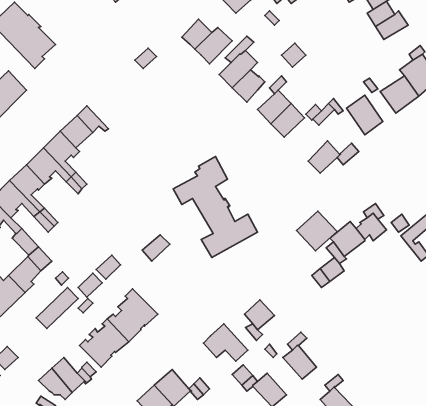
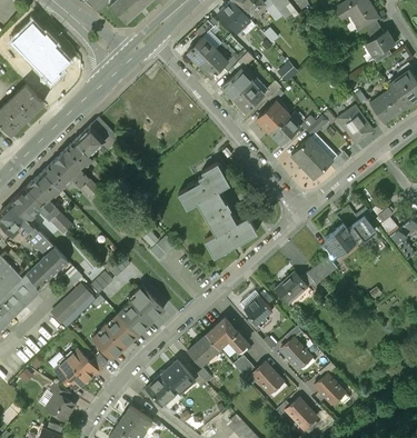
building: none -> [291,137,321,168]
building: [296,211,337,251] -> [274,272,311,309]
building: none -> [188,336,219,366]

